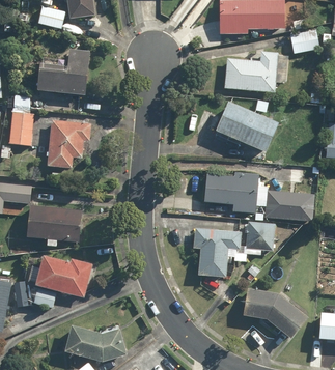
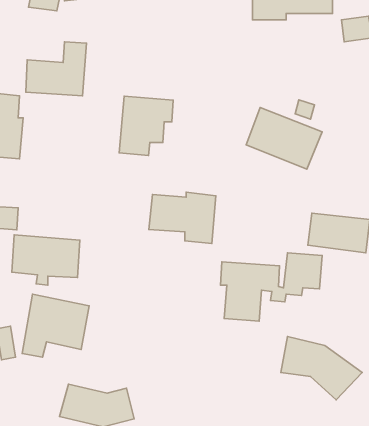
building: [225,53,288,93] -> none
building: [47,120,90,168] -> [119,96,173,155]
building: [204,172,258,214] -> [149,192,216,244]

